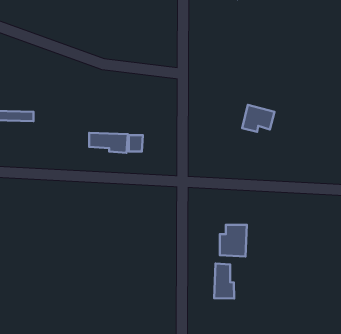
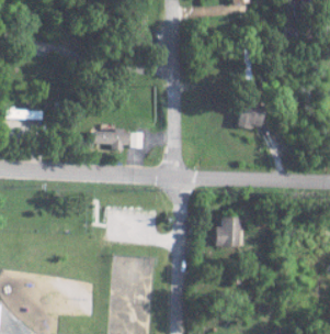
building: [214,263,234,298] -> none

